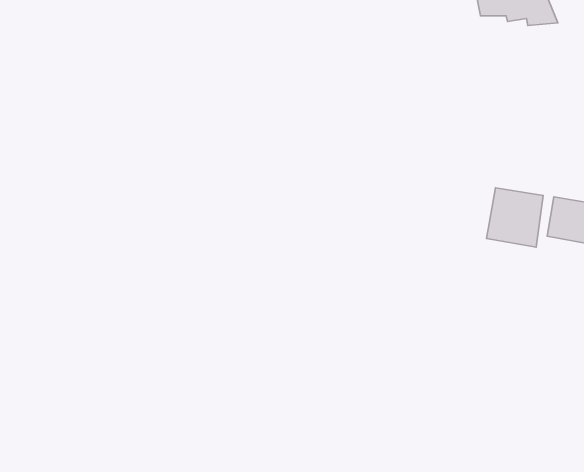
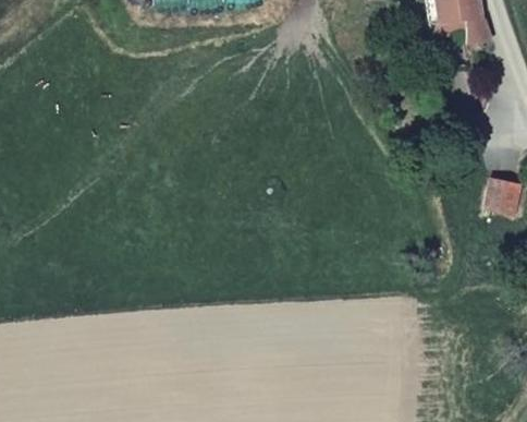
building: [487,188,543,247] -> none

